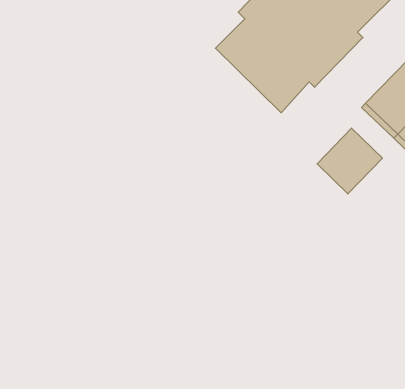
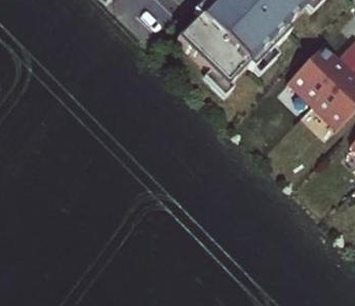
building: [317,128,382,194] -> none

